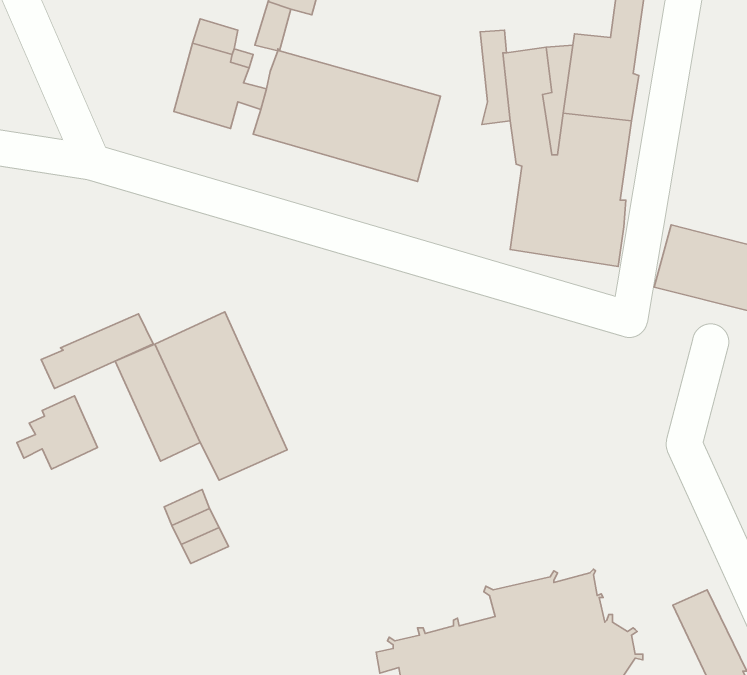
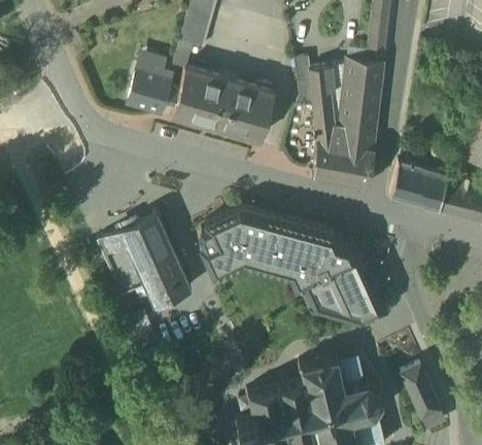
building: none -> [199,207,383,318]
building: [41,314,153,388] -> none
building: [17,396,97,469] -> none

